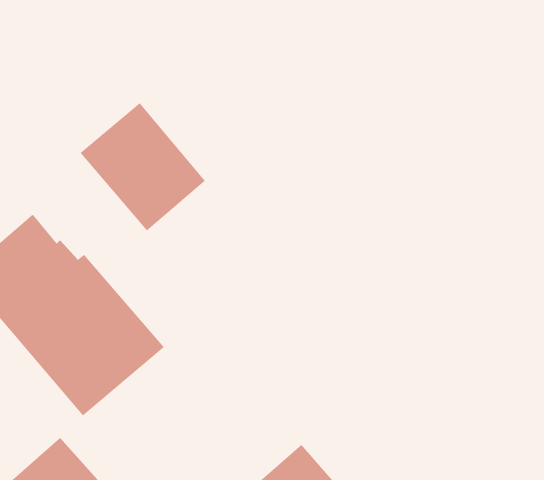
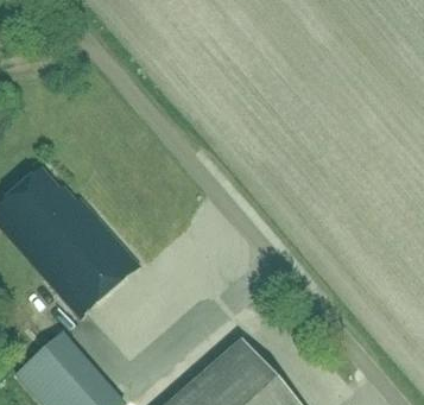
building: [79,102,206,232] -> none

